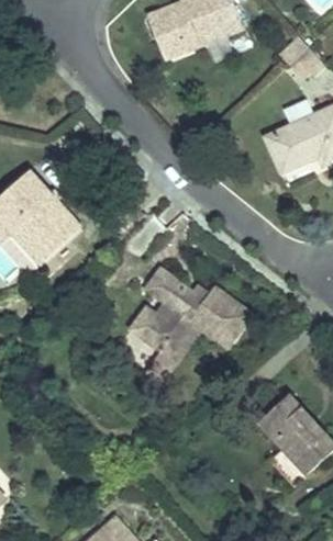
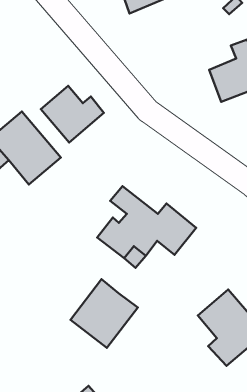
building: none -> [41,86,104,143]
building: none -> [70,279,138,348]

